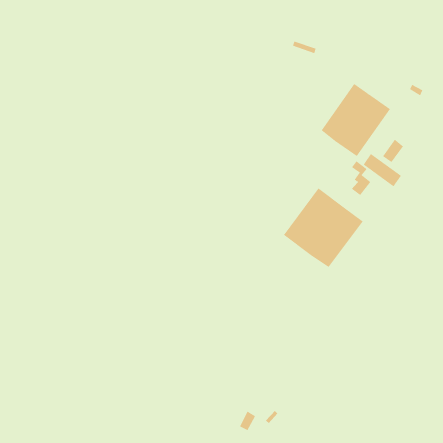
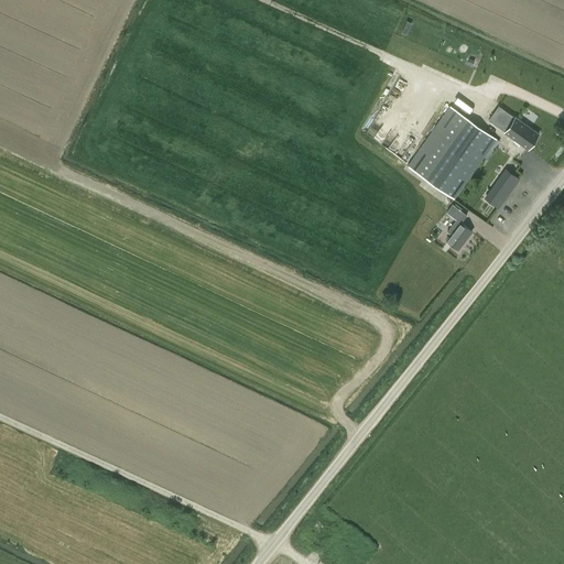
building: [363,153,402,187] -> [488,106,538,149]
building: [283,187,364,268] -> none

